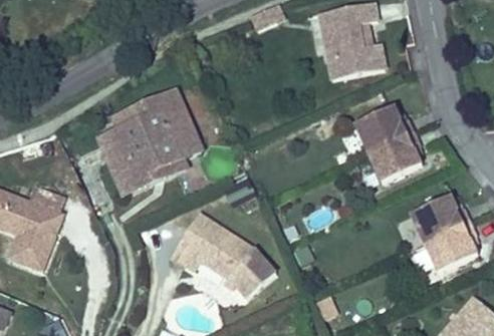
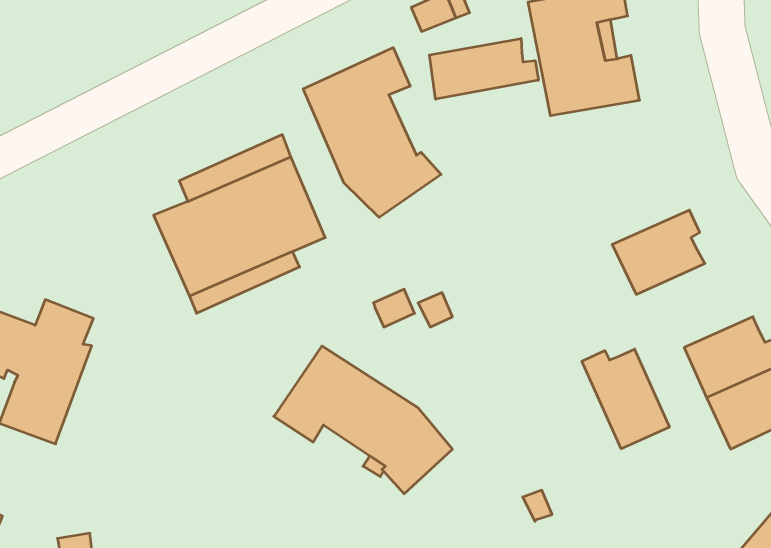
building: none -> [429,38,538,99]
building: none -> [303,48,441,217]
building: [355,106,414,153] -> none
building: none -> [582,349,669,449]

